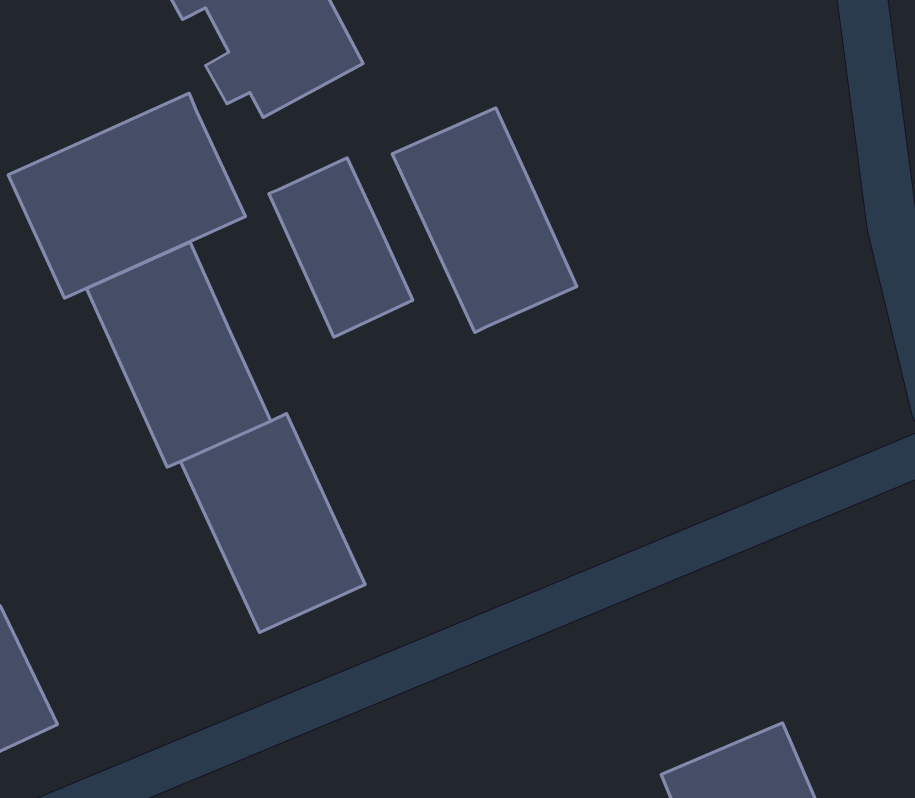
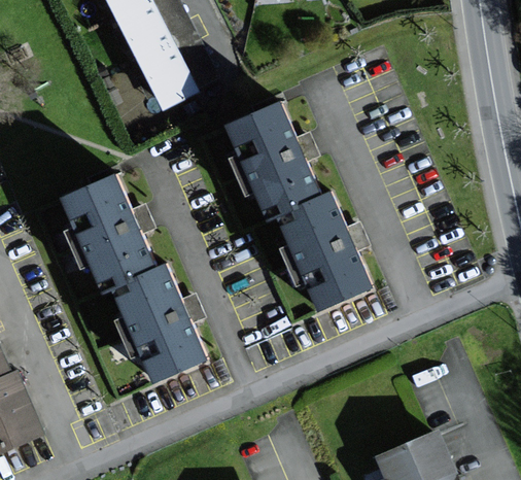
building: [8,93,246,298] -> none
building: [269,158,413,337] -> none
building: none -> [274,193,373,310]

